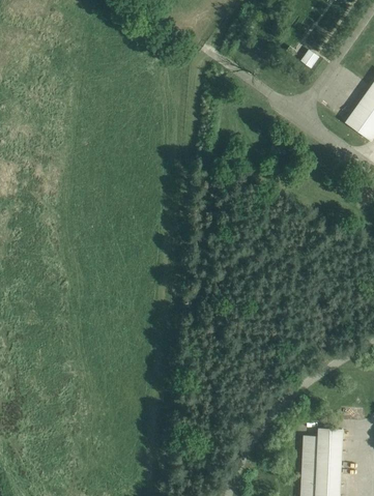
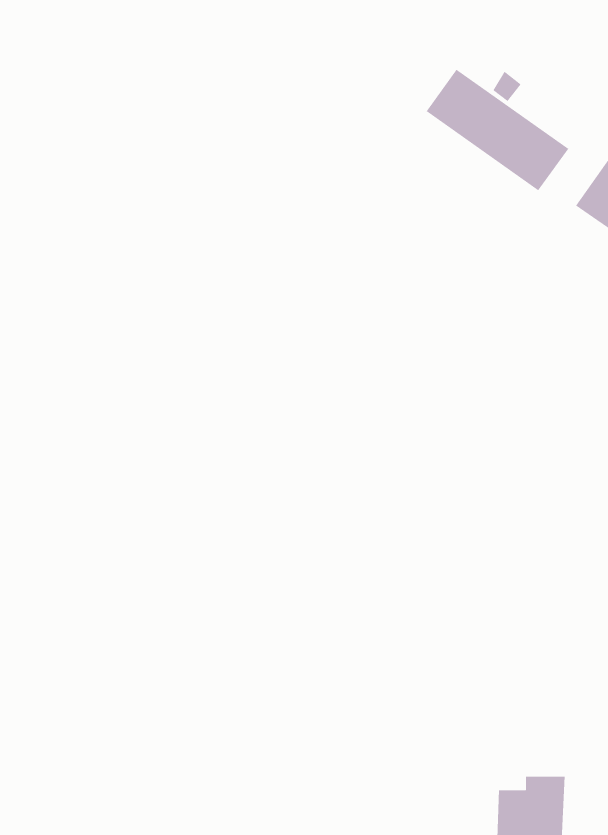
building: none -> [426,69,569,191]

